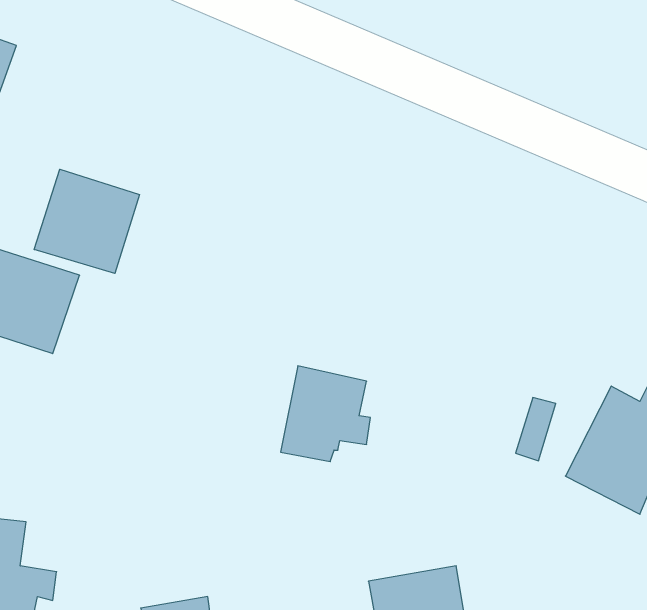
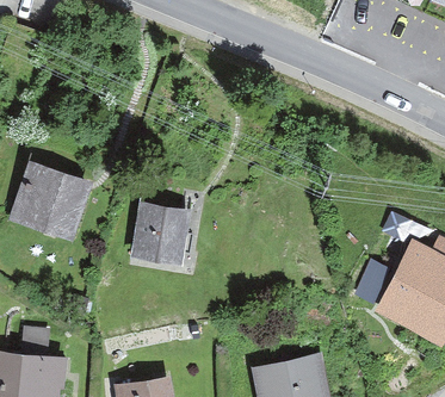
building: [34,169,139,273] -> none
building: [281,366,370,462] -> [135,200,191,260]

